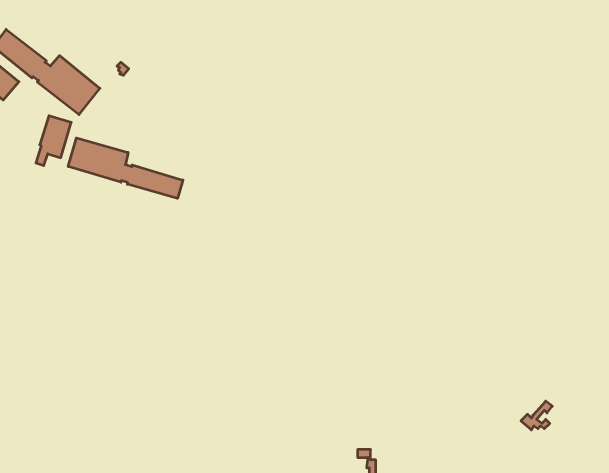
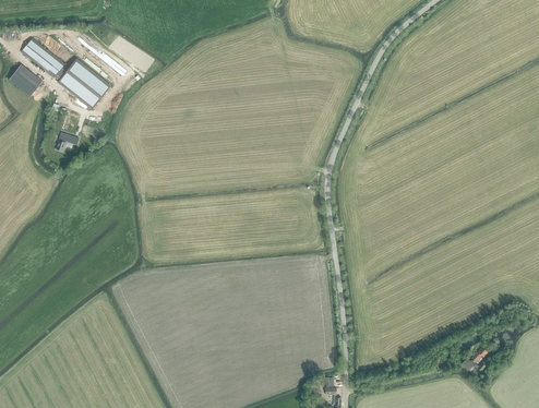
building: [68,138,183,198] -> none

